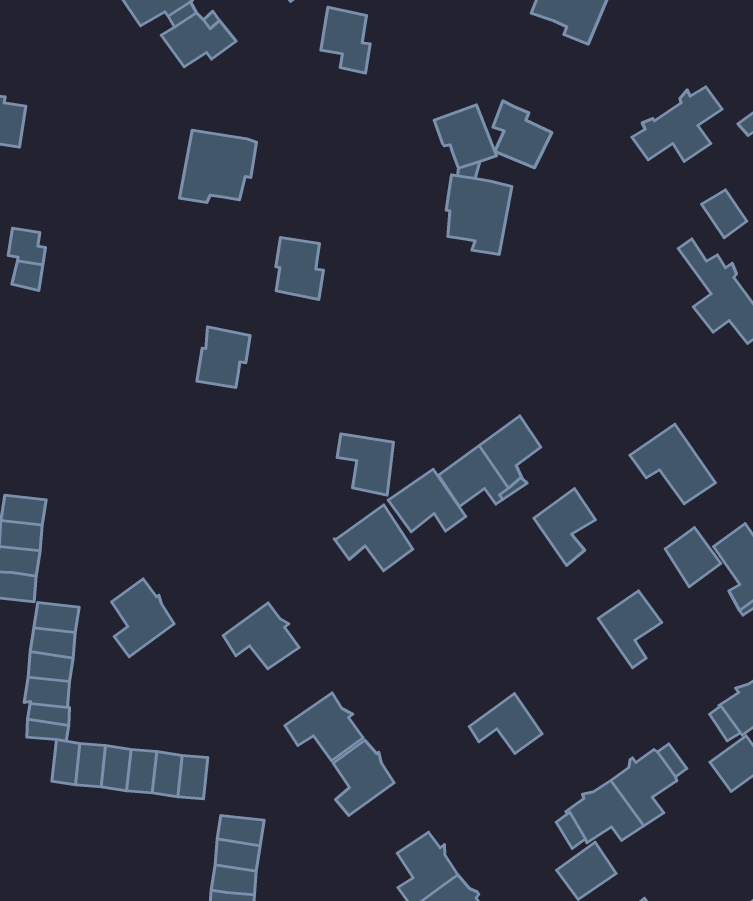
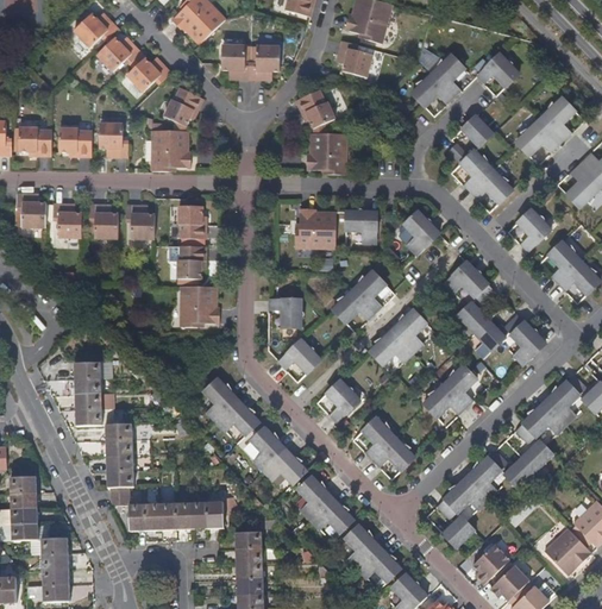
building: none -> [250,46,280,80]
building: none -> [164,88,205,126]
building: [493,101,552,168] -> [337,39,372,76]
building: none -> [58,128,92,157]
building: none -> [100,124,127,157]
building: [276,237,323,300] -> [178,206,207,239]
building: none -> [90,206,118,239]
building: none -> [127,206,155,239]
building: none -> [297,211,337,250]
building: none -> [351,207,384,243]
building: none -> [400,208,443,258]
building: none -> [182,285,221,326]
building: [388,469,466,532] -> [368,328,415,368]
building: none -> [453,300,488,334]
building: [112,579,174,657] -> [202,379,242,427]
building: none -> [325,377,363,423]
building: none -> [418,382,464,420]
building: none -> [249,428,288,475]
building: none -> [360,414,396,458]
building: none -> [500,457,534,490]
building: none -> [309,498,357,539]

